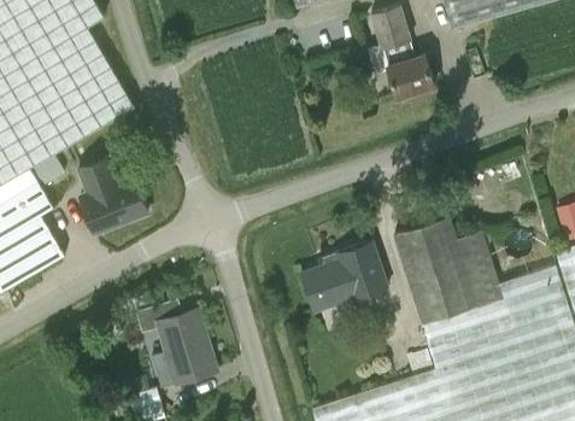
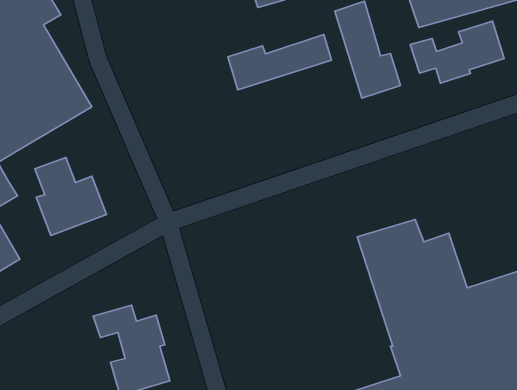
building: none -> [410,21,504,83]
building: none -> [228,35,331,90]
building: [300,241,387,303] -> none

